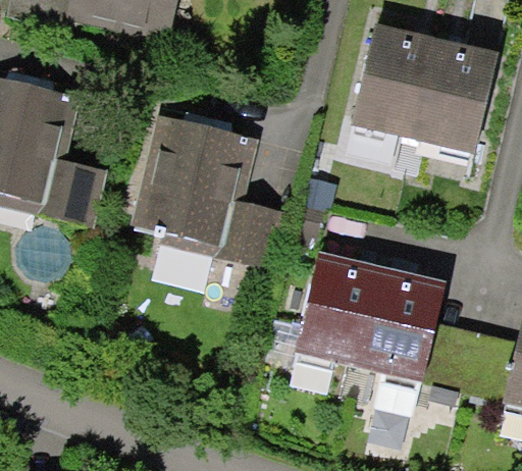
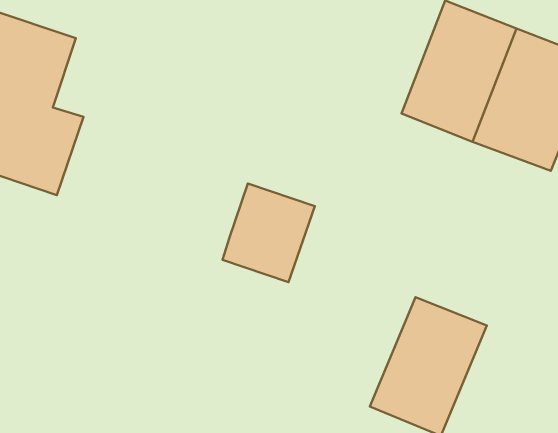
building: [138,121,242,242] -> none
building: [298,255,378,365] -> none

